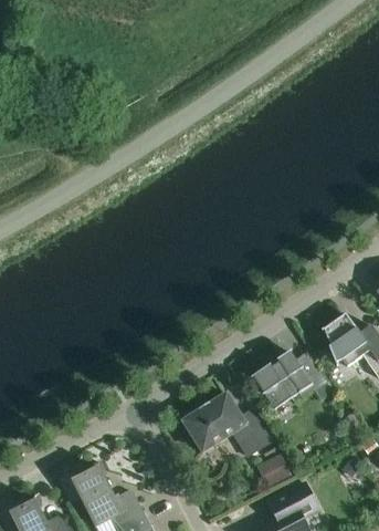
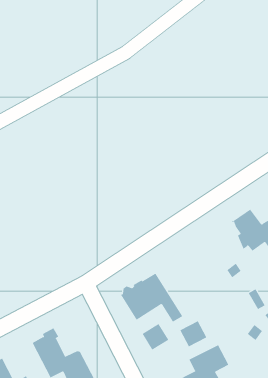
building: [254,351,312,408] -> none
building: none -> [142,323,169,351]

